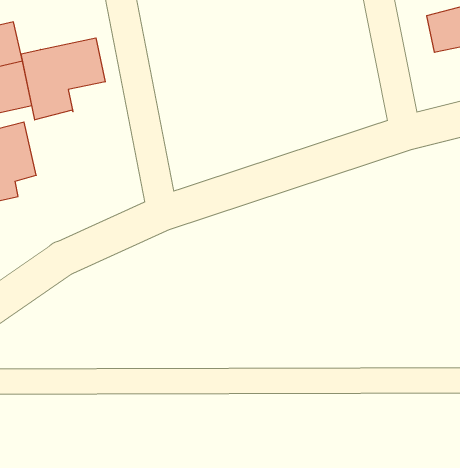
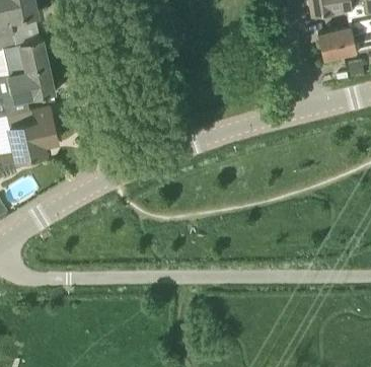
building: [21,38,105,120] -> none

